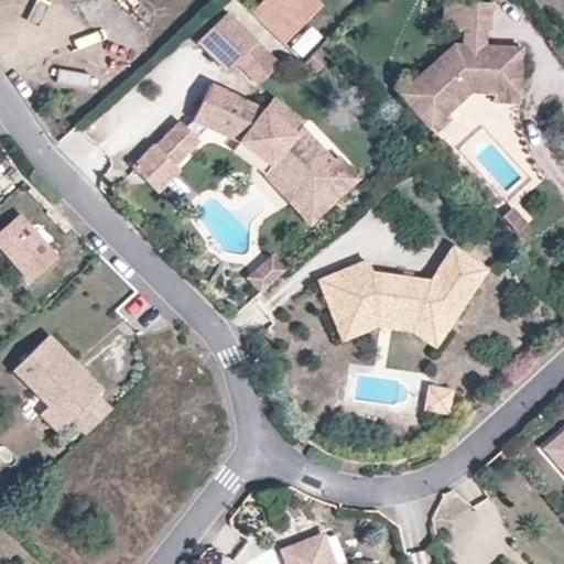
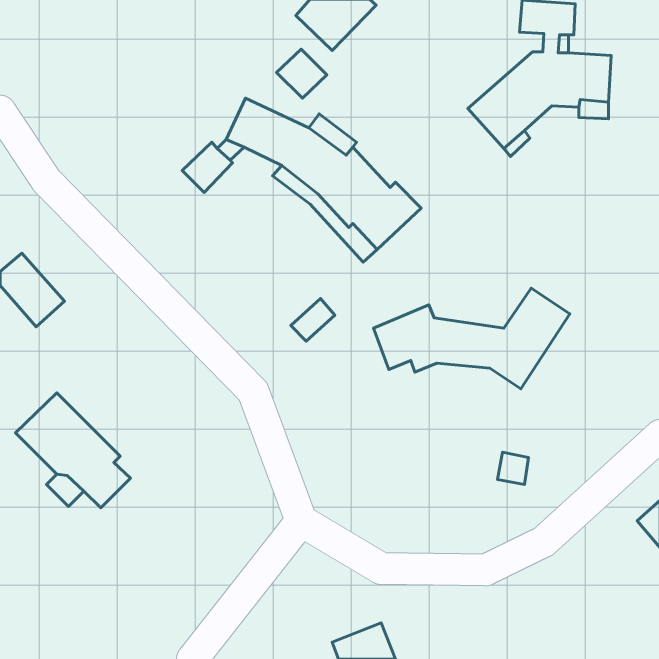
building: [198,11,258,70] -> none
building: [133,144,180,191] -> none
building: [333,307,445,346] -> none

